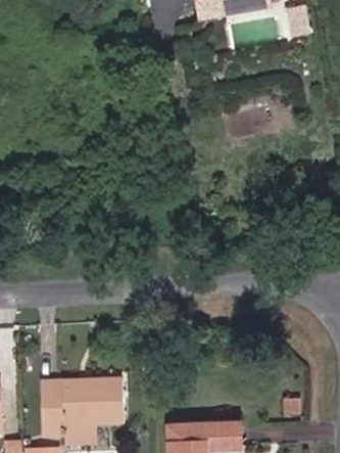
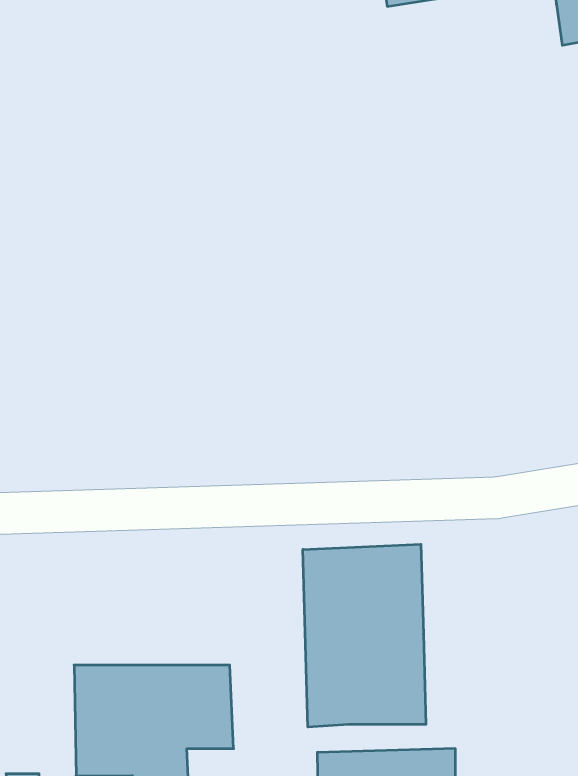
building: none -> [303,544,426,727]

